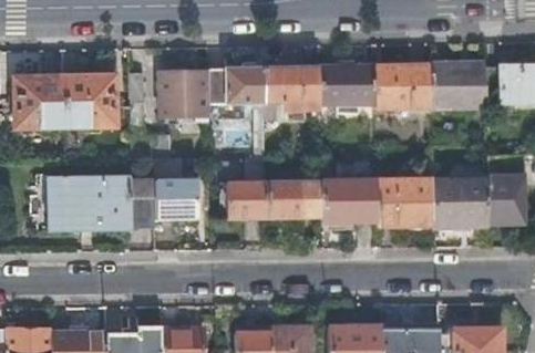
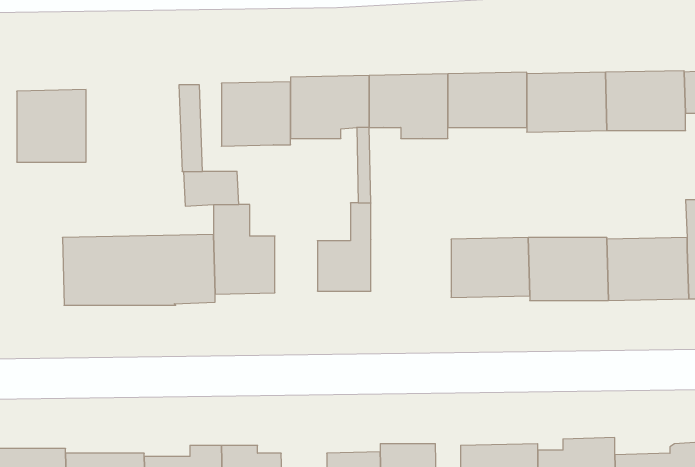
building: [66,74,117,126] -> none
building: [267,179,323,217] -> none

